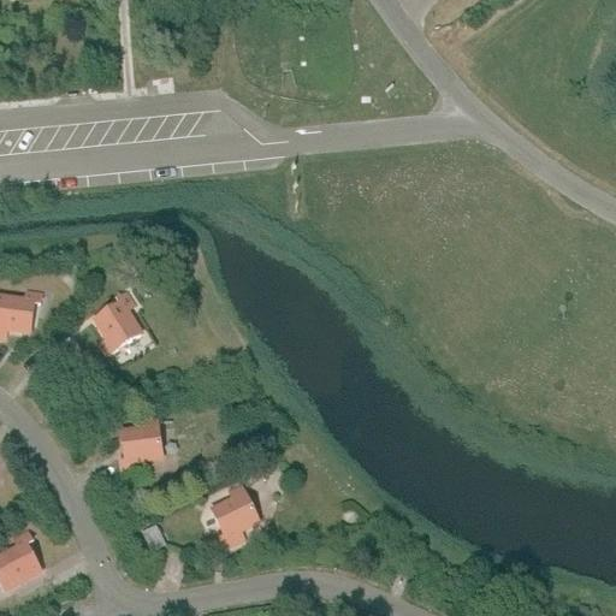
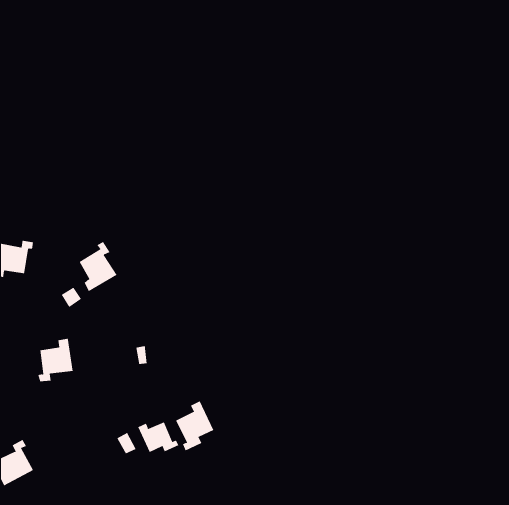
building: [119,415,162,468] -> [38,338,73,382]
building: none -> [137,422,179,453]

